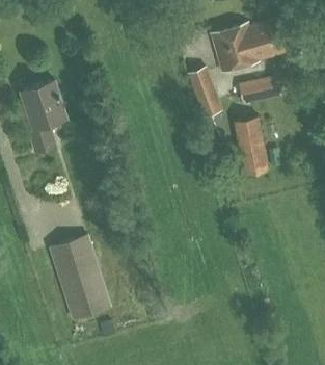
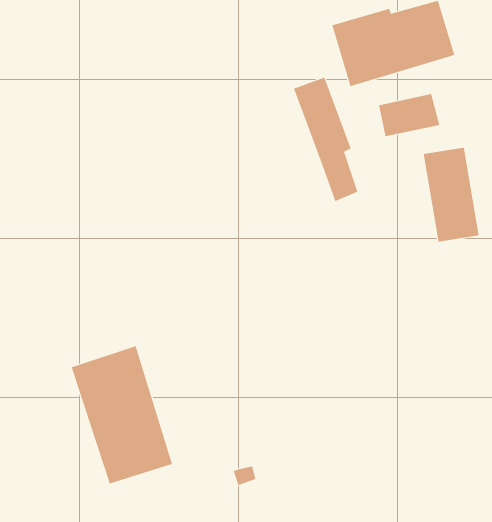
building: [20,79,67,153] -> none
building: [233,115,268,175] -> [423,147,480,242]

